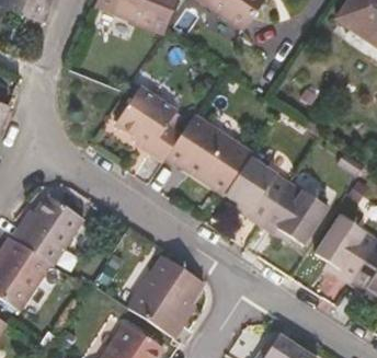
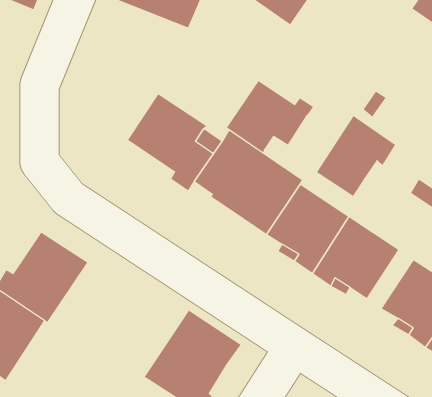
building: none -> [226,80,314,153]
building: none -> [316,115,396,197]

